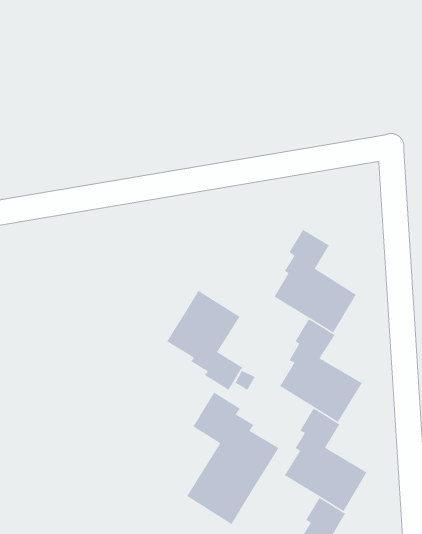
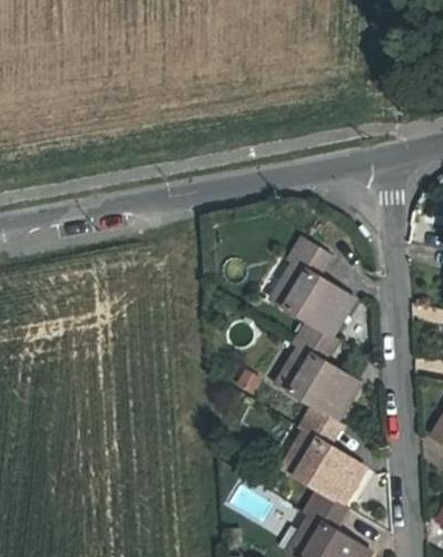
building: [166,290,243,391] -> none
building: [186,392,279,525] -> none

